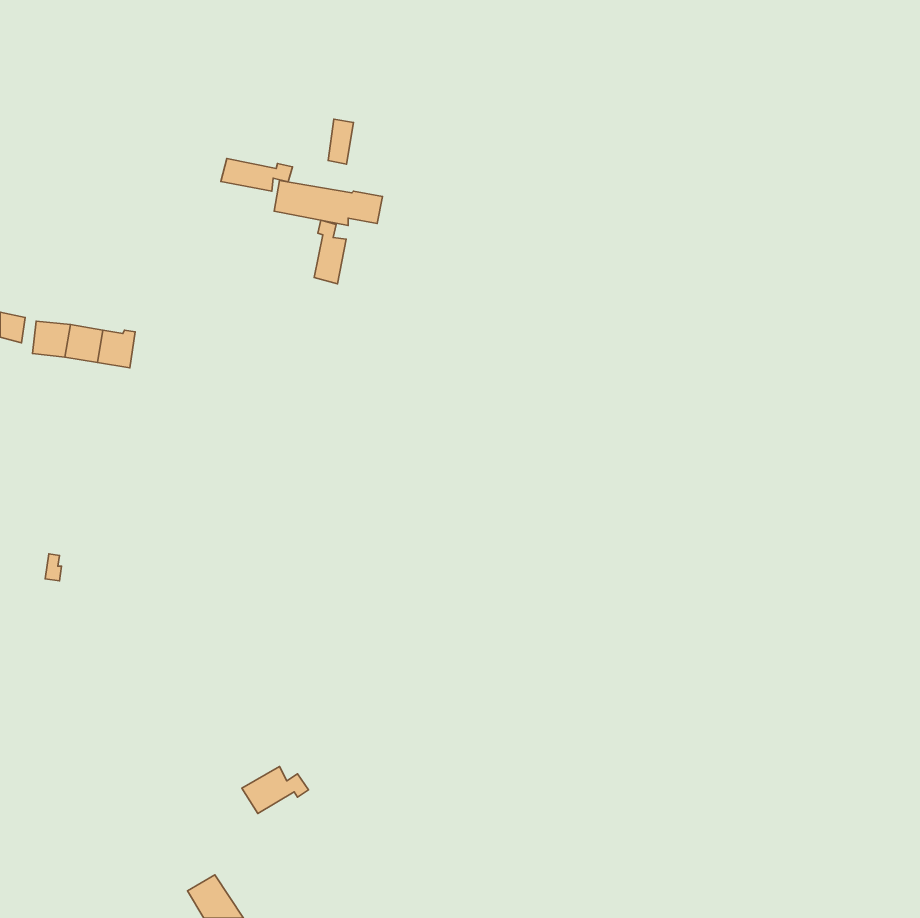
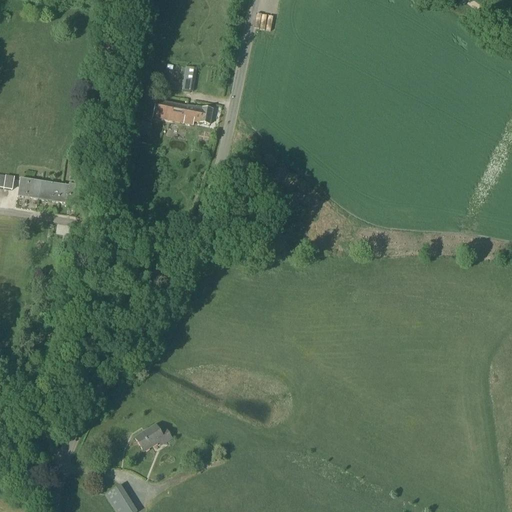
building: [221,158,293,191] -> none
building: [314,220,346,284] -> none

